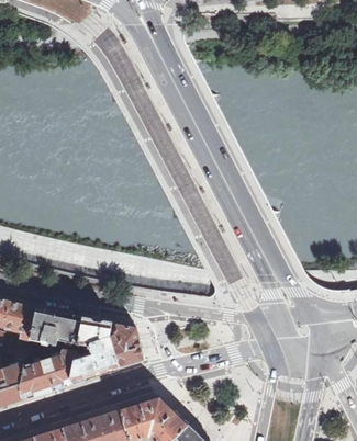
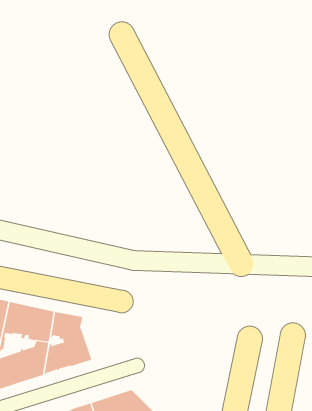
building: [109,324,142,366] -> none

